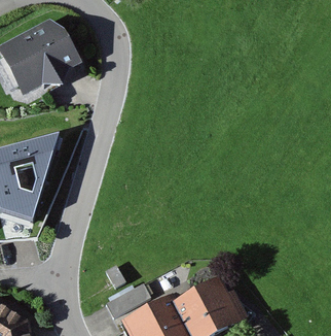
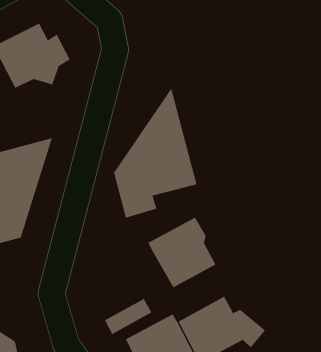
building: none -> [113,88,197,219]
building: none -> [148,217,216,288]

